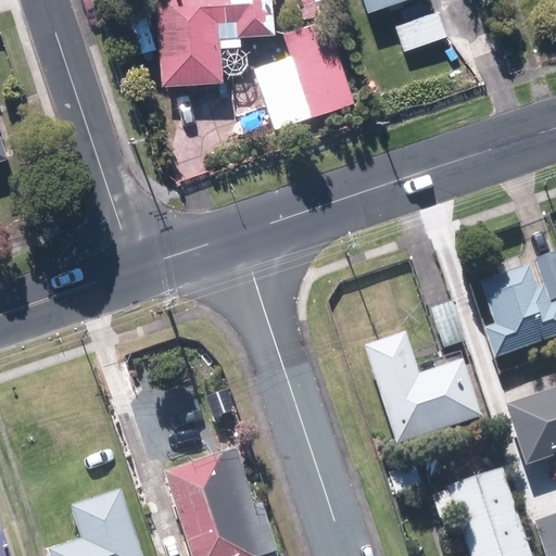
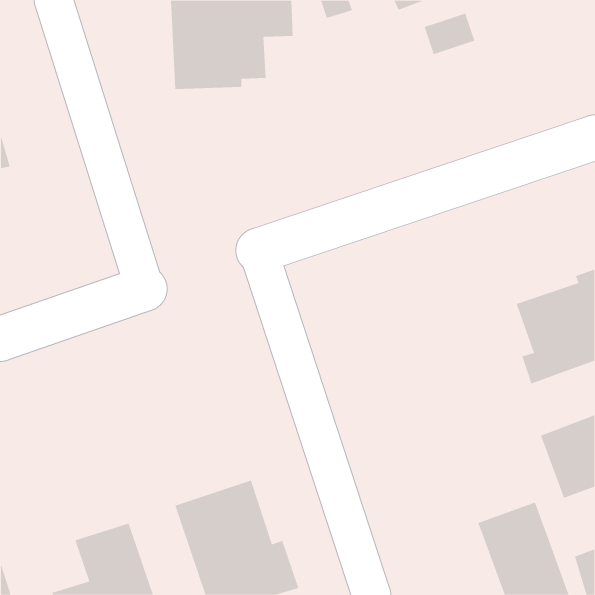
building: [255,20,353,127] -> none
building: [364,333,482,444] -> none

